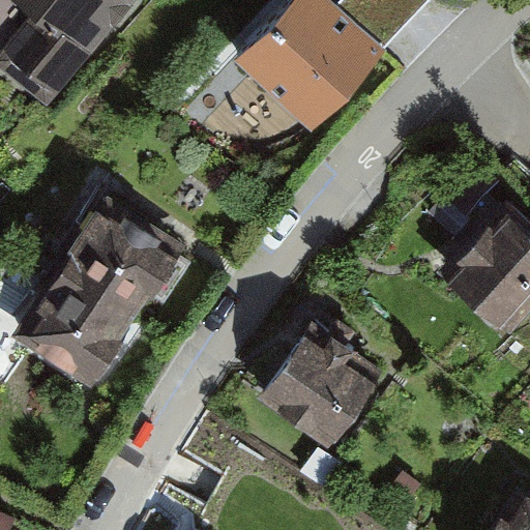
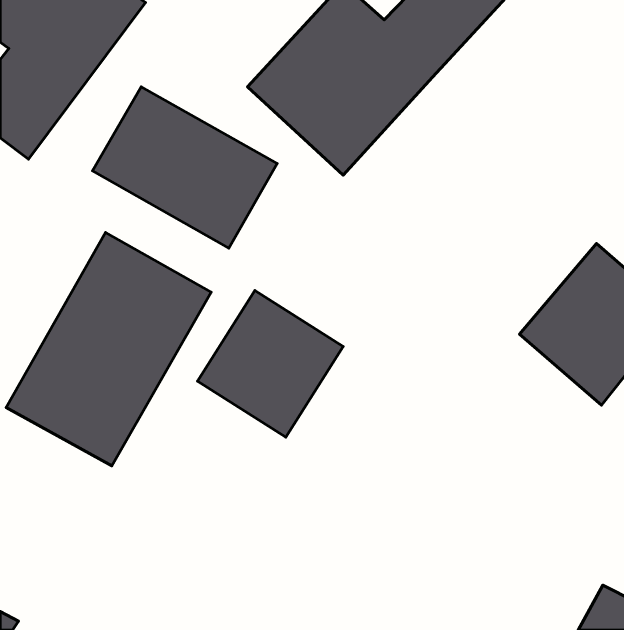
building: none -> [92,87,277,248]
building: [262,322,383,444] -> [198,291,343,437]

